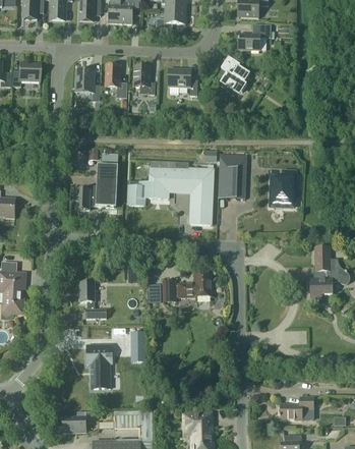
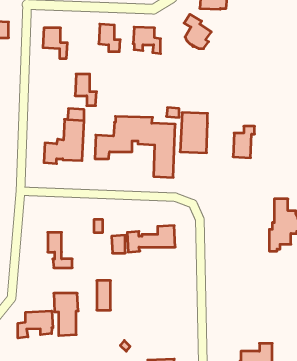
building: [105,64,127,97] -> [75,74,97,106]
building: none -> [18,311,53,338]

